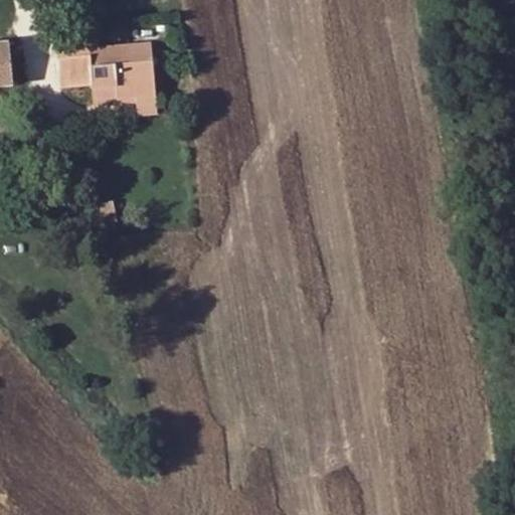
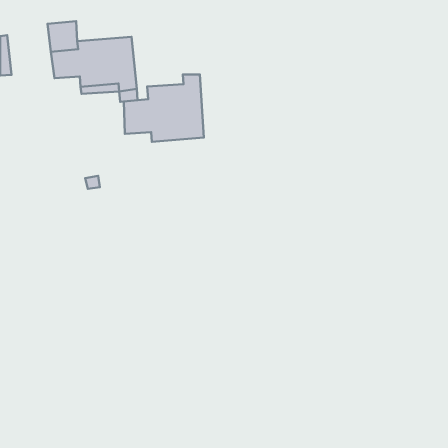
building: none -> [124,74,204,142]

